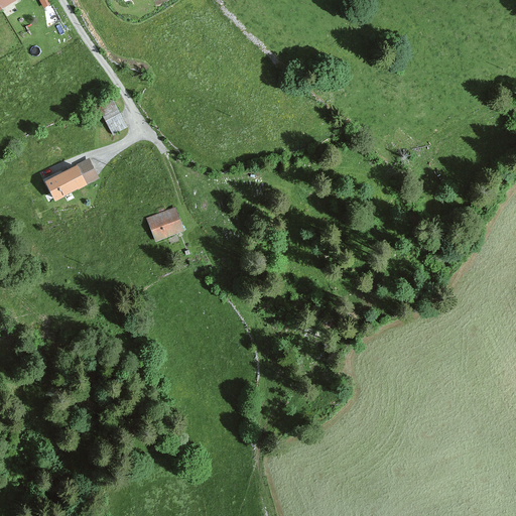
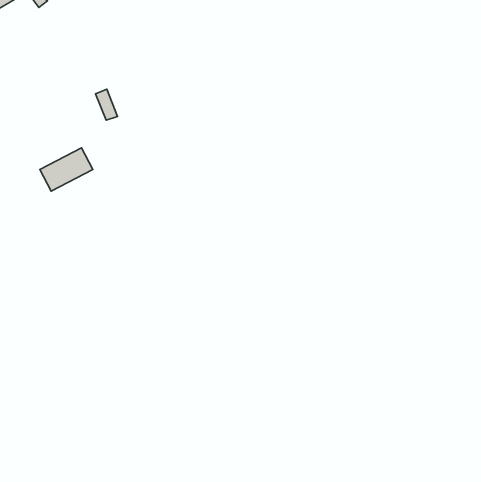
building: [142,206,184,240] -> none

